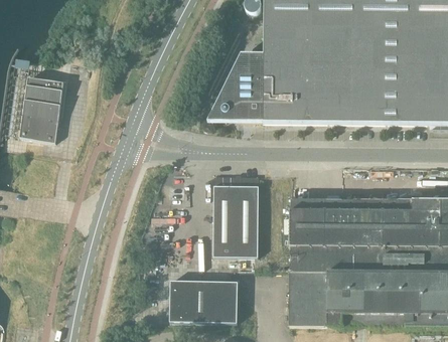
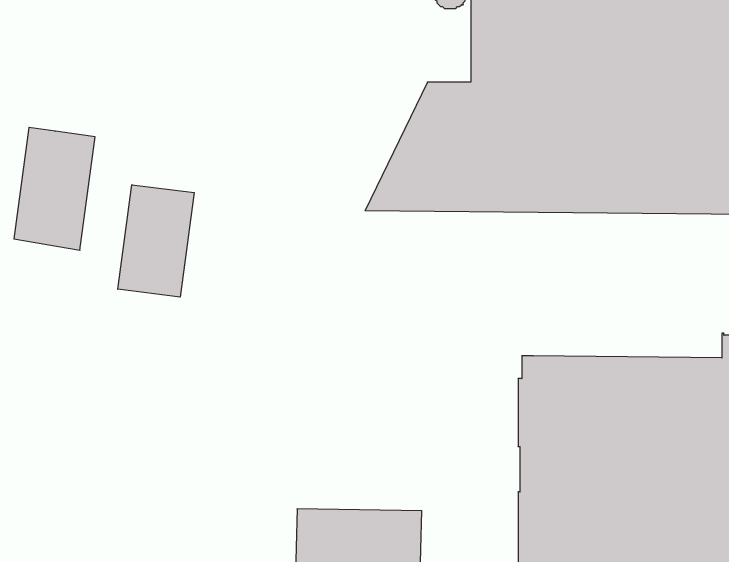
building: none -> [118,185,194,297]
building: [213,174,258,255] -> none

